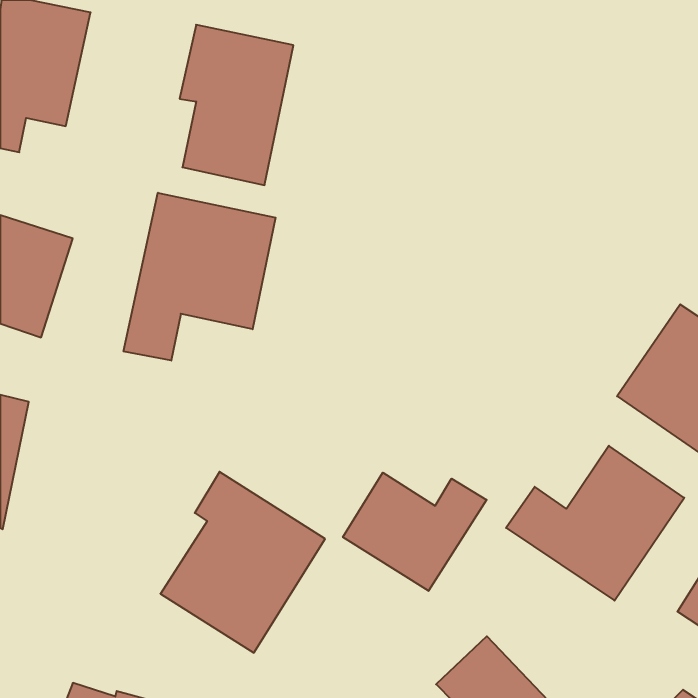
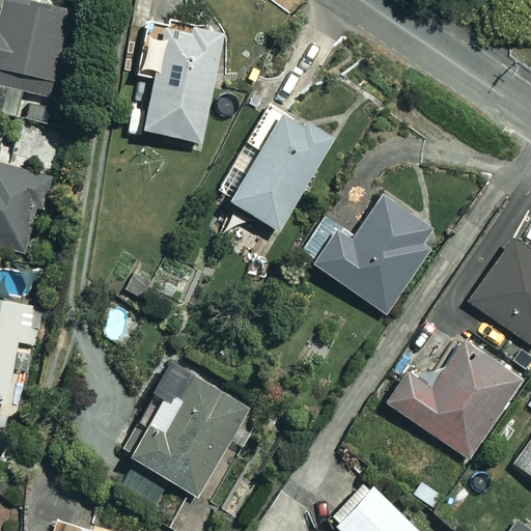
building: none -> [228,110,336,231]
building: [124,193,276,361] -> none
building: none -> [296,191,446,317]
building: [343,473,487,591] -> none

